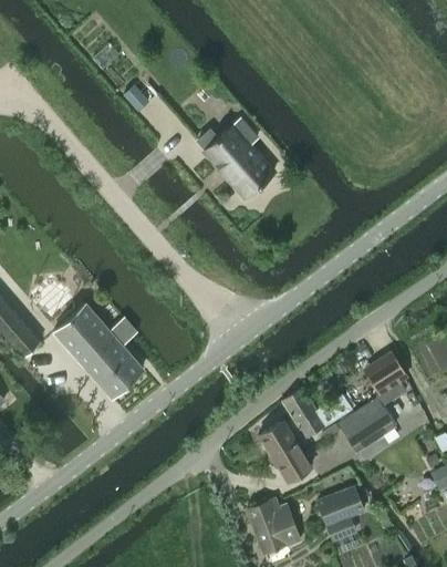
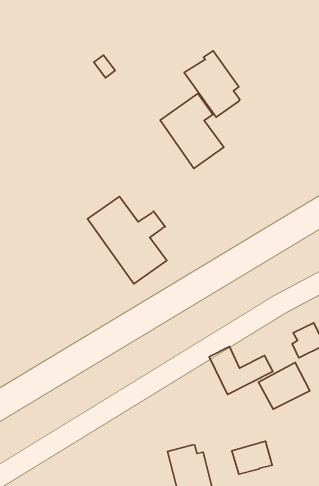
building: none -> [184,51,240,117]
building: [53,305,144,398] -> [87,197,167,284]
building: [259,421,312,483] -> none

